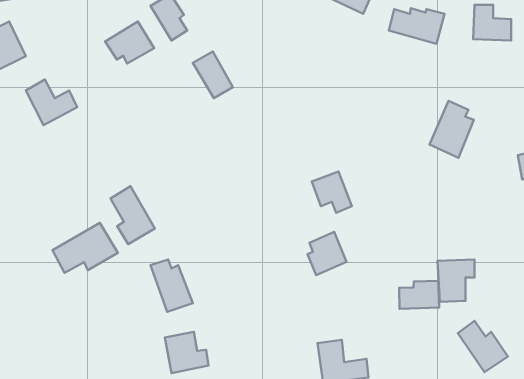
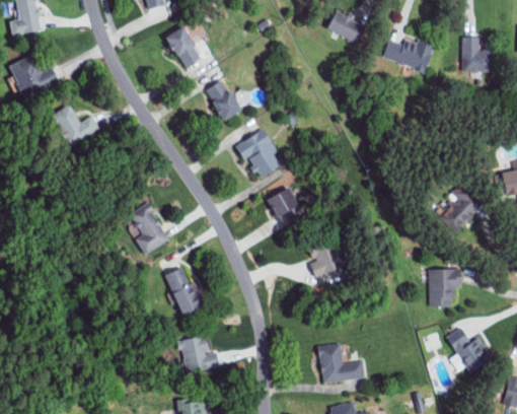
building: [105,21,154,64] -> none
building: [429,101,474,158] -> [441,185,482,236]
building: none -> [235,130,281,180]
building: [312,172,352,213] -> [268,187,304,224]
building: [52,223,118,273] -> none
building: [399,281,439,309] -> none

